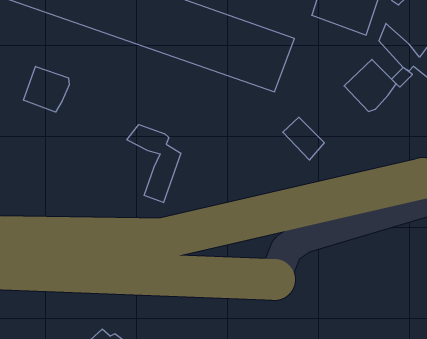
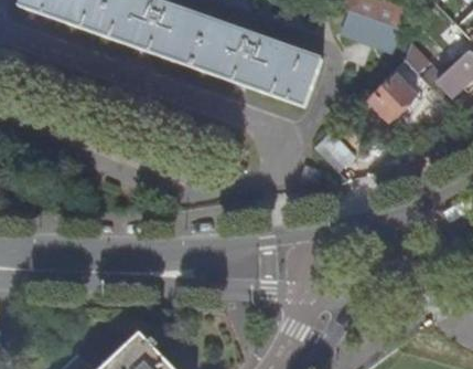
building: [24,66,69,112] -> none
building: [127,125,181,203] -> none

